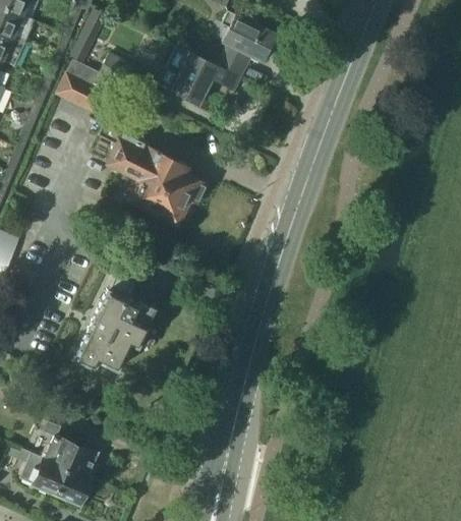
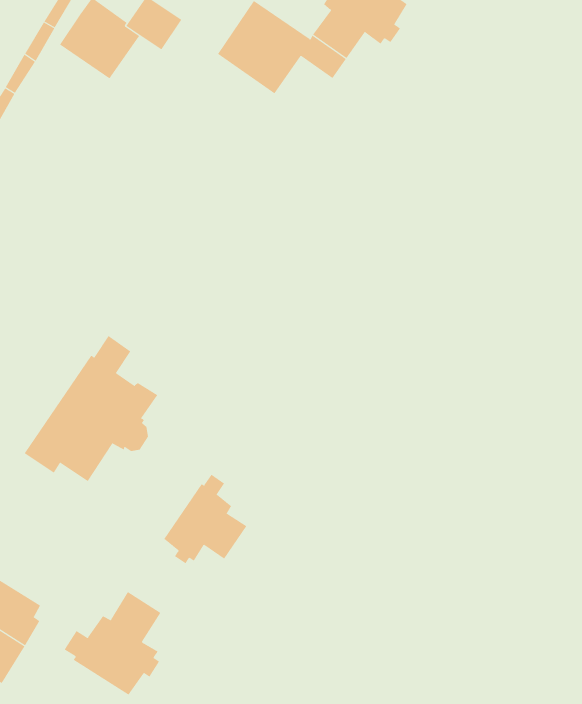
building: [97,123,205,225] -> none
building: none -> [163,474,247,564]
building: none -> [64,591,161,696]

